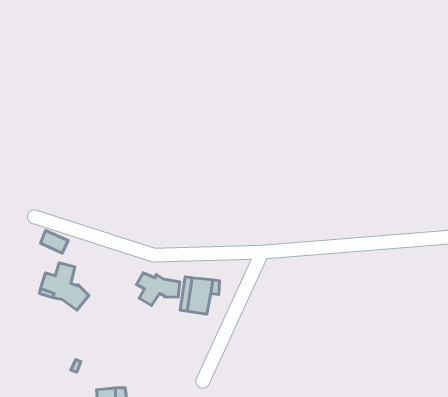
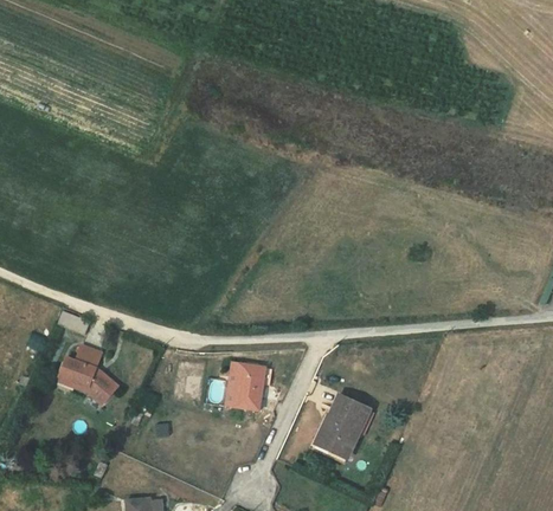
building: [137,273,180,305] -> none
building: none -> [319,394,373,455]

